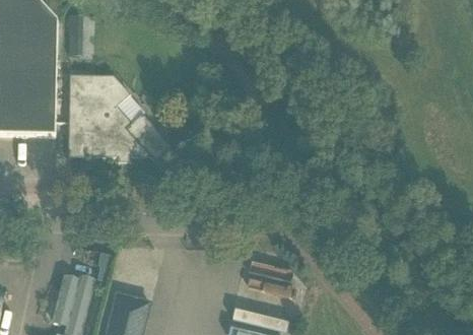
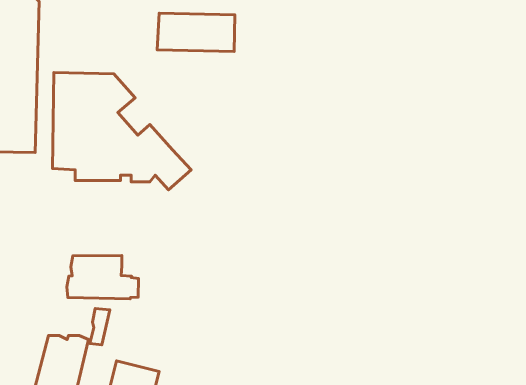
building: none -> [157,13,235,52]
building: none -> [67,256,139,299]

